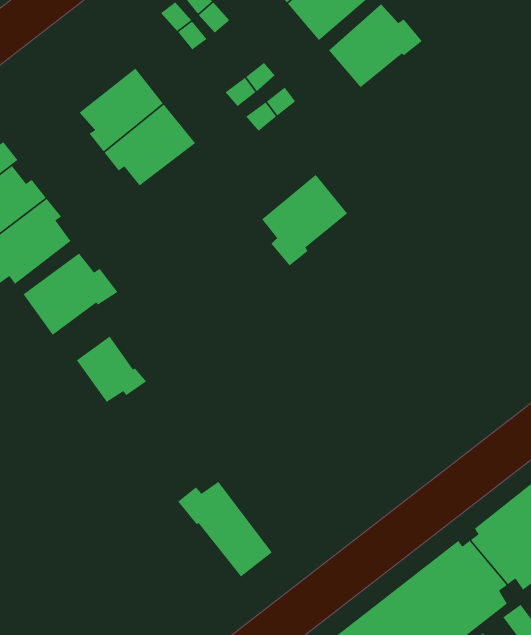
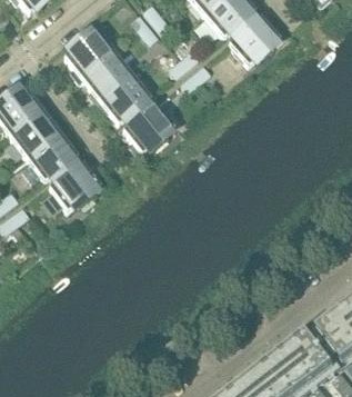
building: none -> [64,31,115,83]
building: [261,174,348,266] -> [123,105,174,159]
building: [76,335,147,403] -> none
building: [177,481,273,577] -> none

